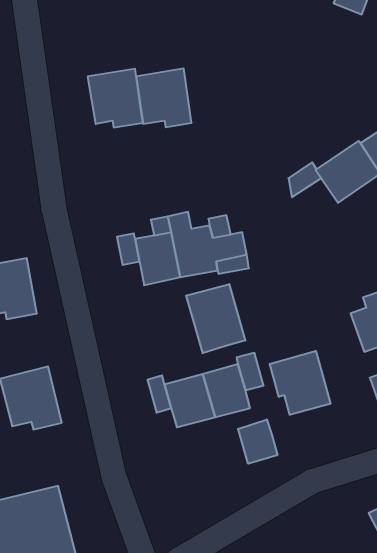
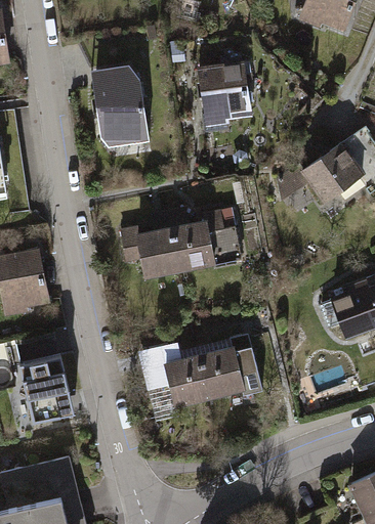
building: [136,69,192,127] -> [199,63,249,117]
building: [186,284,245,353] -> none
building: [270,351,331,415] -> none
building: [238,419,277,464] -> none

